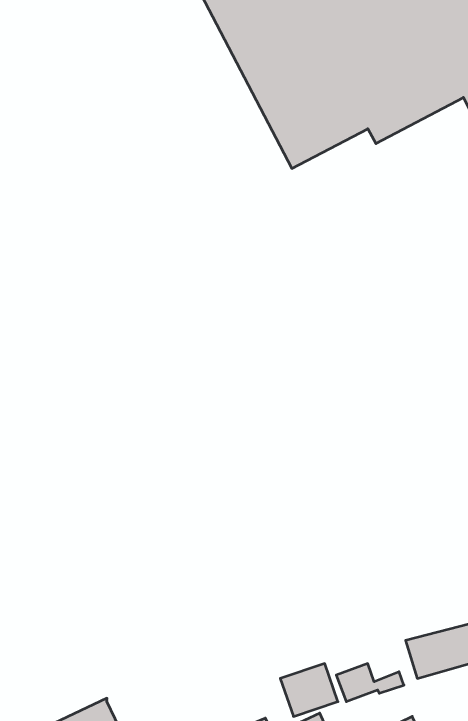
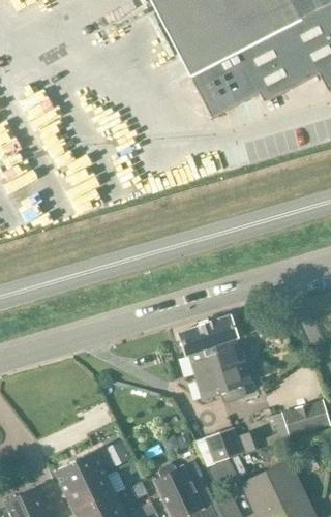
building: none -> [179,316,252,402]

